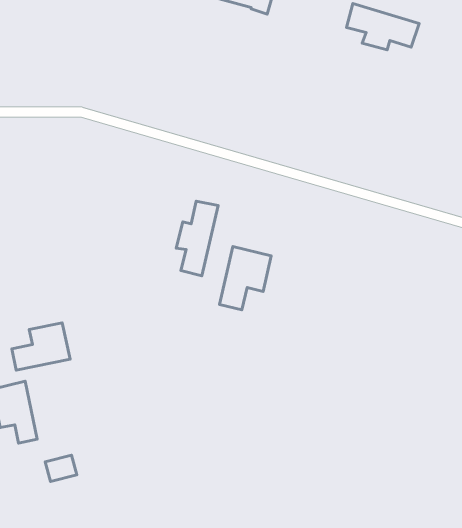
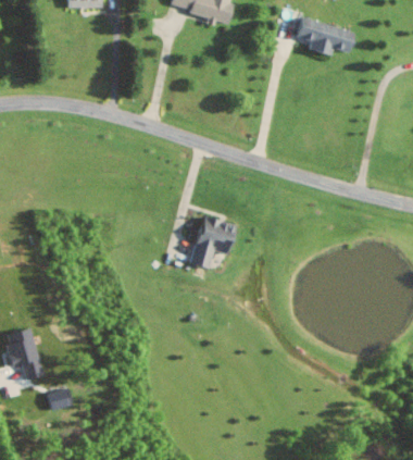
building: [176,201,218,276] -> none
building: [12,323,70,370] -> none

